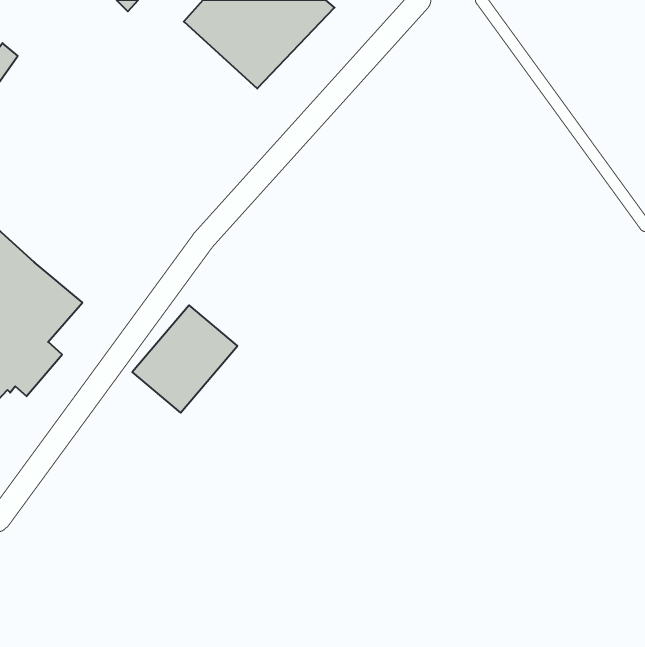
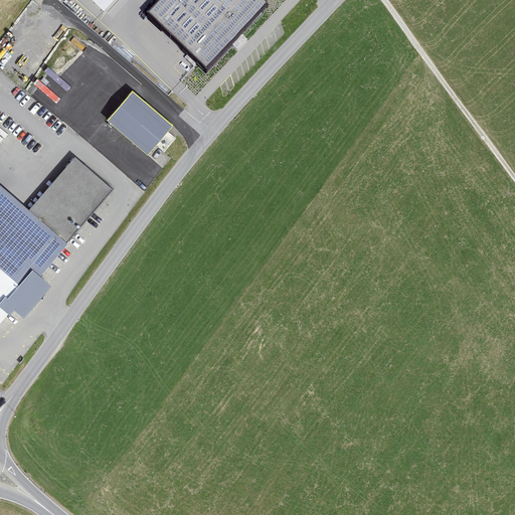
building: none -> [105,89,171,152]
building: [132,305,237,413] -> [27,155,111,240]

